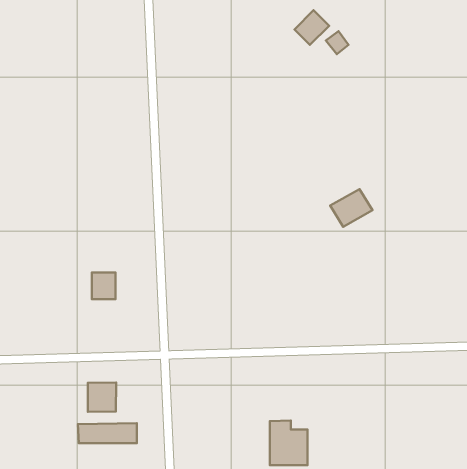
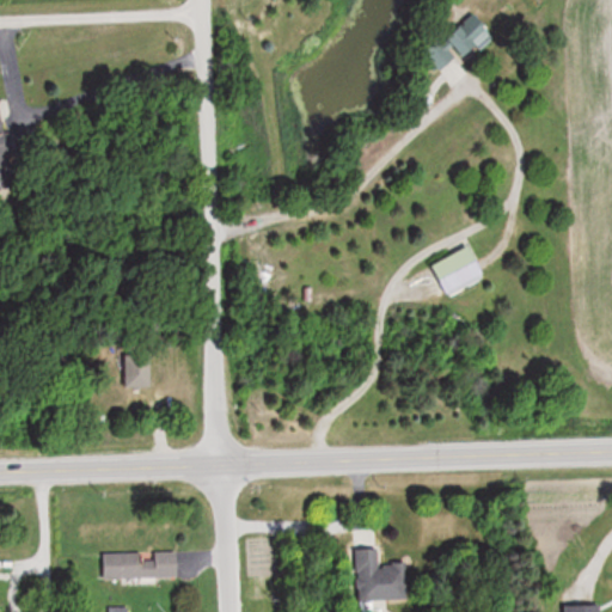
building: [294,10,329,45] -> [447,12,492,57]
building: [88,383,116,412] -> none

